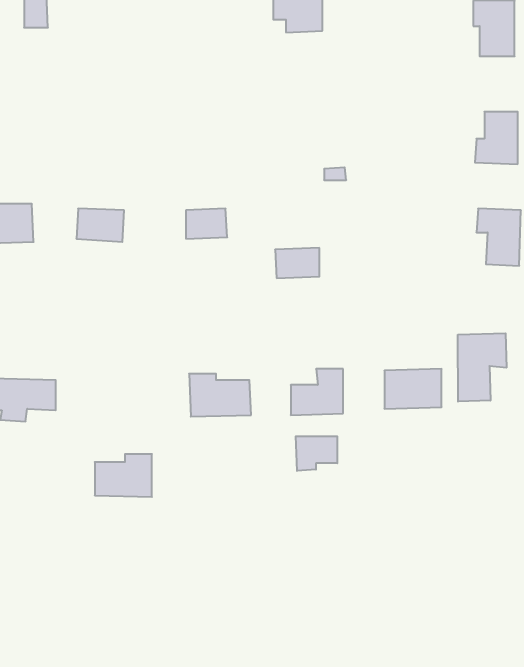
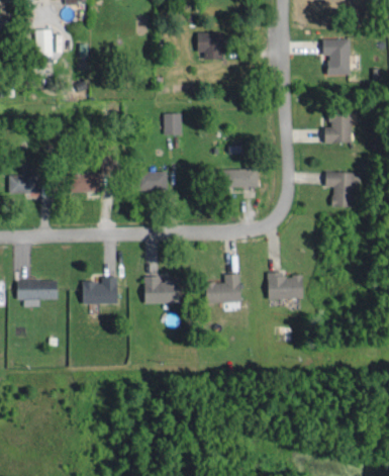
building: none -> [162,113,181,135]
building: [275,248,319,278] -> [229,169,258,188]
building: [458,333,506,402] -> none
building: [296,436,337,471] -> none
building: [95,454,152,497] -> [82,277,118,304]

